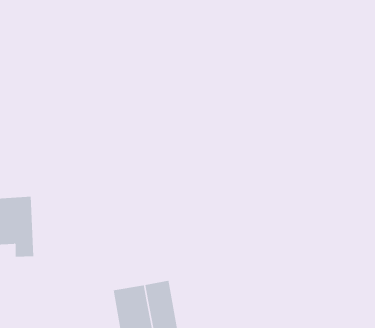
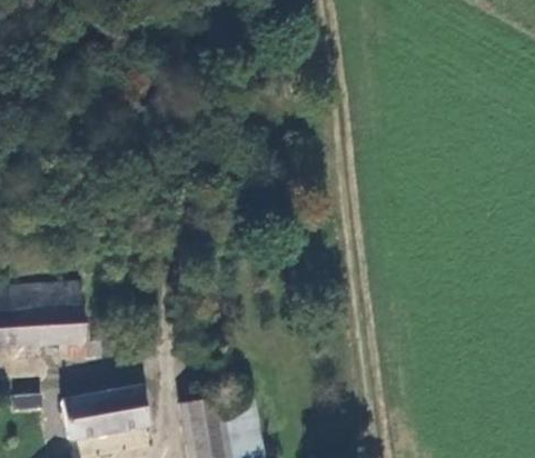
building: none -> [59,389,147,440]

